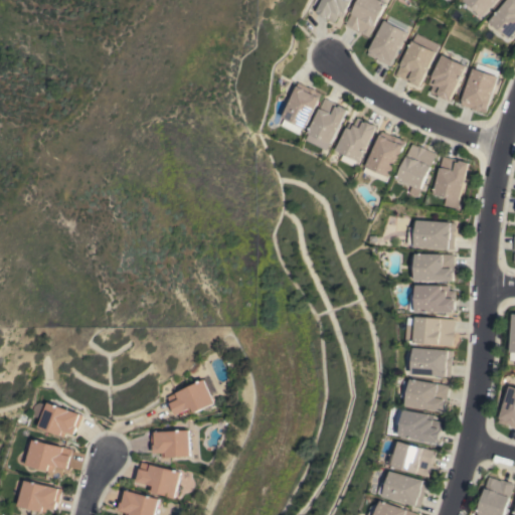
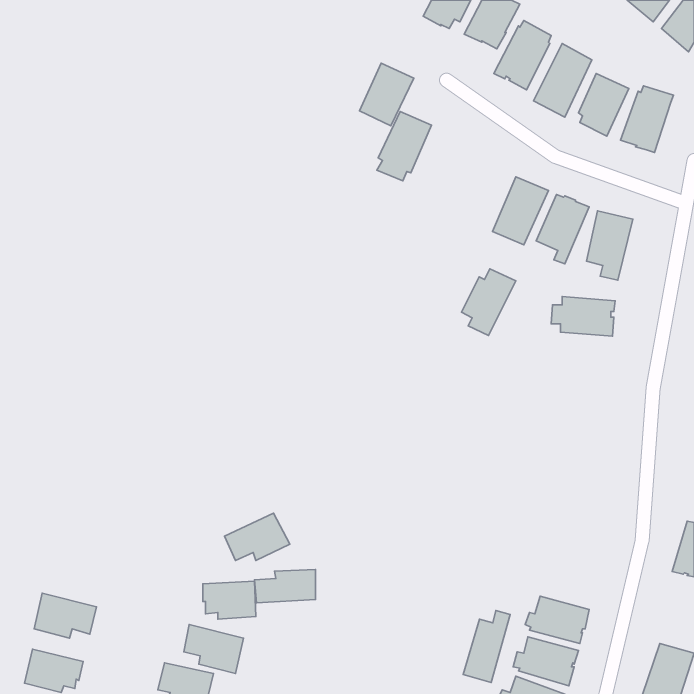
building: [307,99,347,145] -> [359,63,414,126]
building: [336,118,376,167] -> [461,269,516,335]
building: [414,253,454,282] -> none
building: [409,286,455,313] -> none
building: [405,317,454,346] -> none
building: [411,348,452,377] -> none
building: [400,379,449,412] -> none
building: [31,403,80,438] -> none
building: [399,410,441,444] -> none
building: none -> [255,569,315,603]
building: none -> [463,611,510,682]

